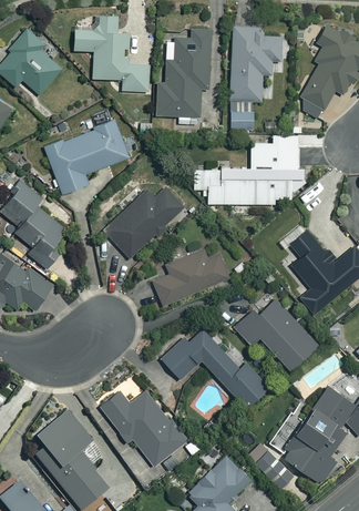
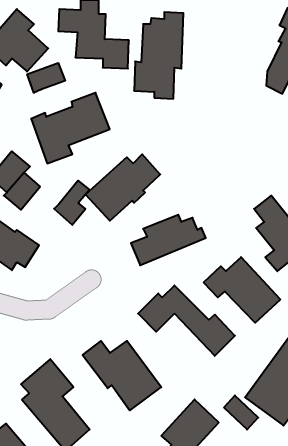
building: [229,27,281,130] -> none
building: none -> [27,63,65,93]
building: [193,135,298,204] -> none
building: [27,221,65,269] -> [54,181,89,225]

